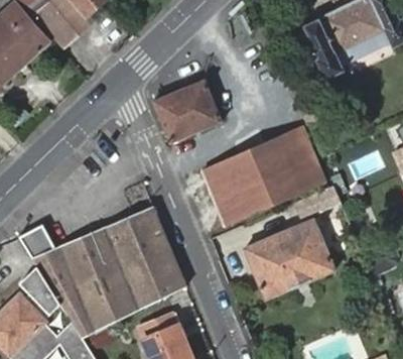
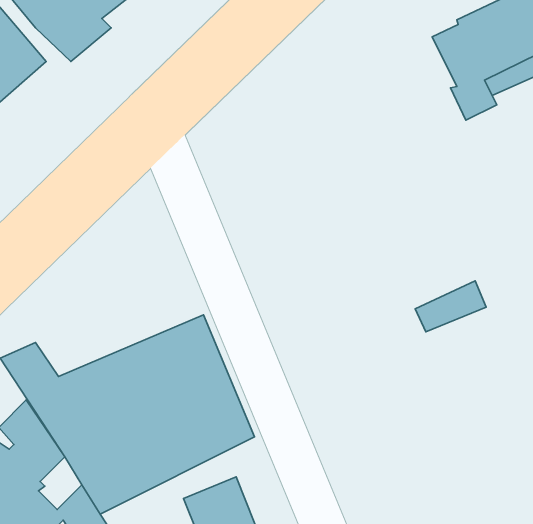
building: [153,80,222,154] -> none
building: [199,127,319,225] -> none
building: [244,218,332,300] -> none

